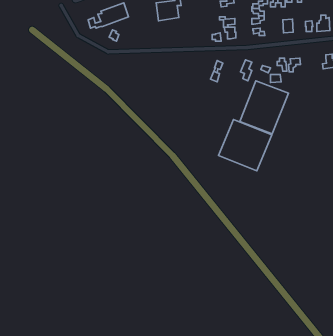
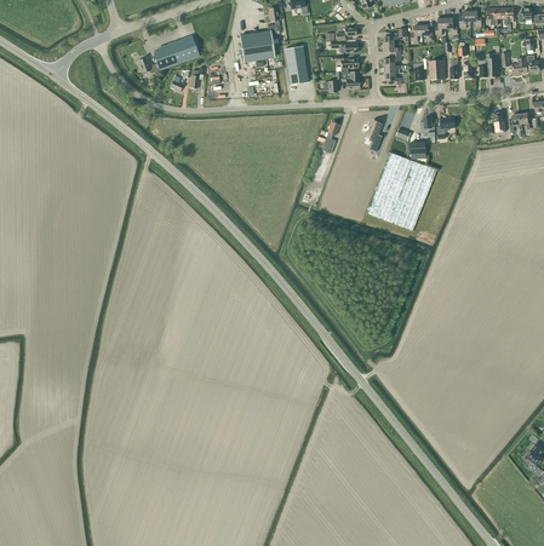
building: none -> [285,45,308,84]
building: [218,120,272,171] -> none

